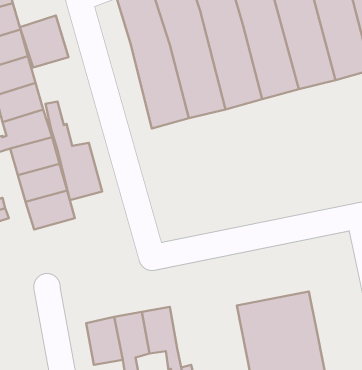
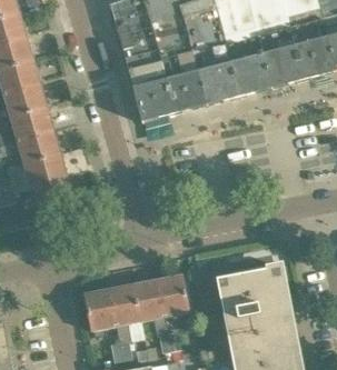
building: [20,15,69,67] -> none
building: [45,101,102,200] -> none
building: none -> [157,274,189,316]

